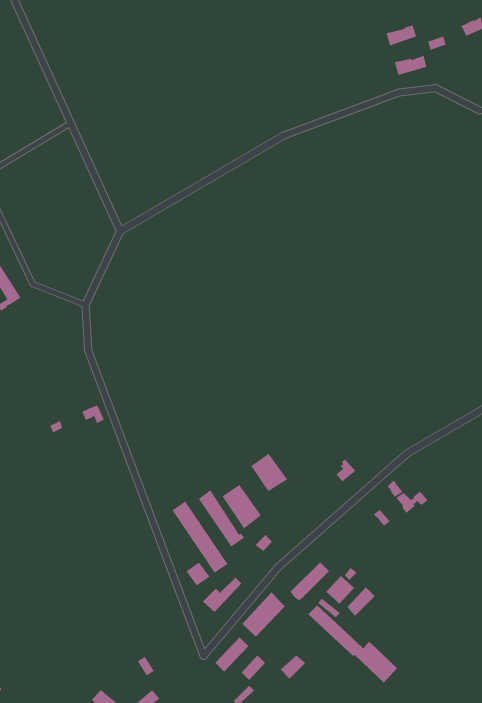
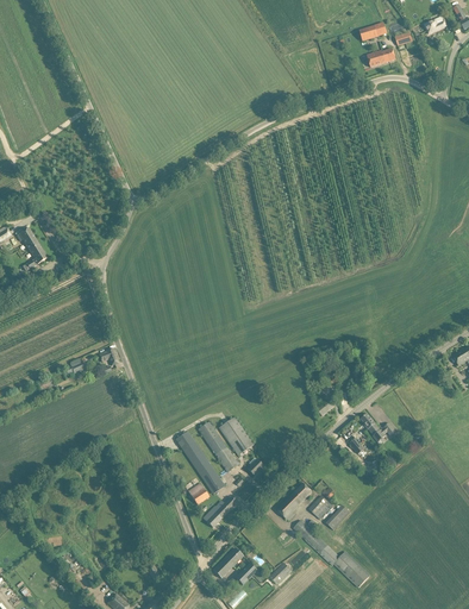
building: [250,453,288,492] -> none
building: [241,591,286,638] -> none

